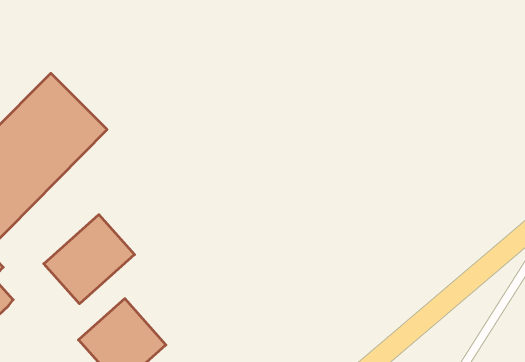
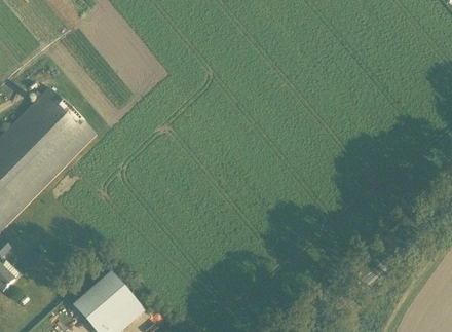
building: [44,215,135,304] -> none

